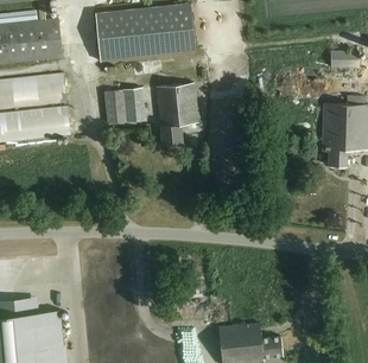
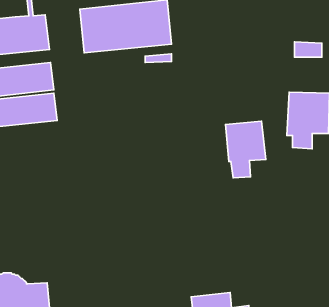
building: [154,81,198,142] -> [225,121,266,178]
building: [102,87,145,123] -> none

